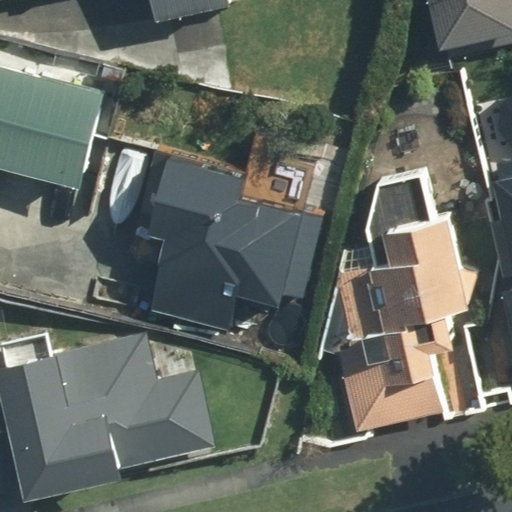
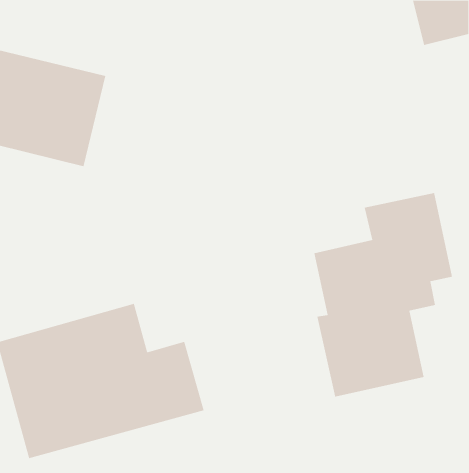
building: [146,158,318,334] -> none

